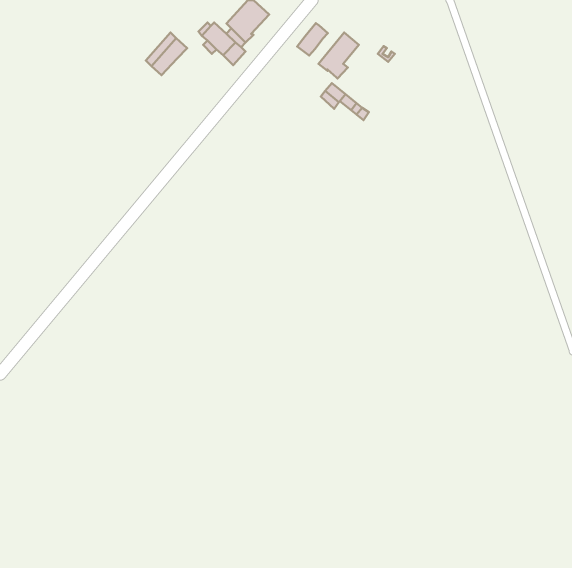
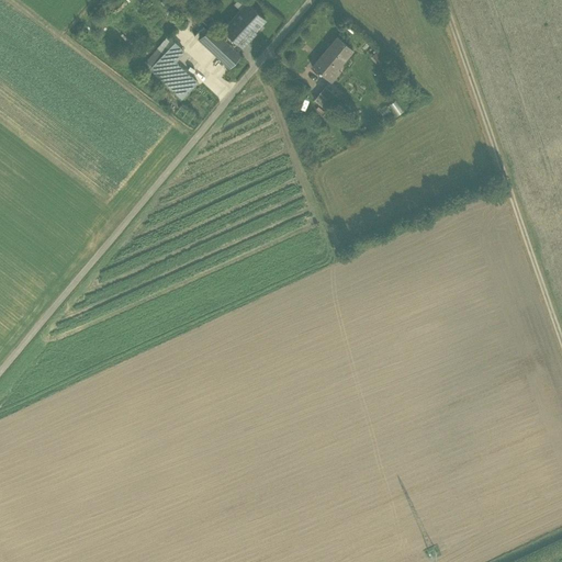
building: [297,23,328,55] -> none
building: none -> [159,63,198,100]

